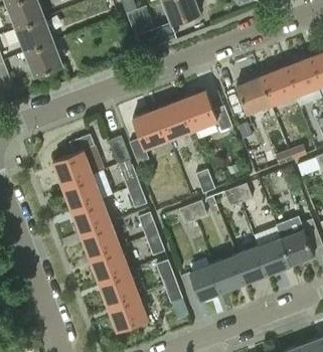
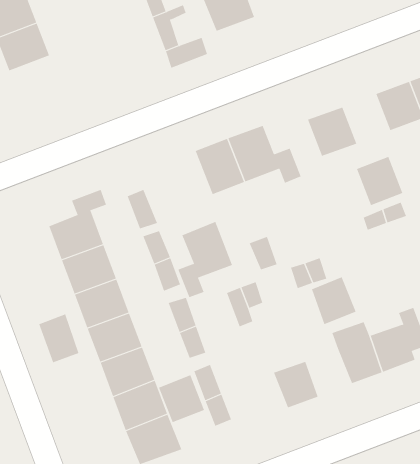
building: [25,41,63,77] -> none
building: [262,68,295,104] -> [356,156,403,206]
building: [130,109,169,163] -> [177,221,233,298]
building: none -> [39,313,79,363]
building: [235,248,268,283] -> [311,276,357,325]
building: [189,266,222,300] -> [158,375,205,423]

